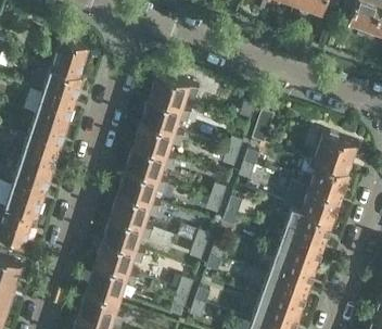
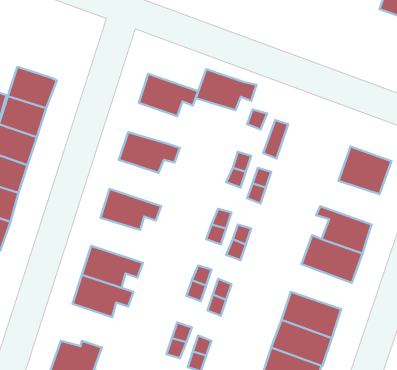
building: [50,43,87,80] -> none
building: [140,101,190,135] -> [196,69,257,110]
building: [125,148,175,182] -> none
building: [297,163,348,201] -> none
building: [110,195,160,229] -> none
building: [273,233,323,270] -> none
building: [85,266,136,302] -> none

